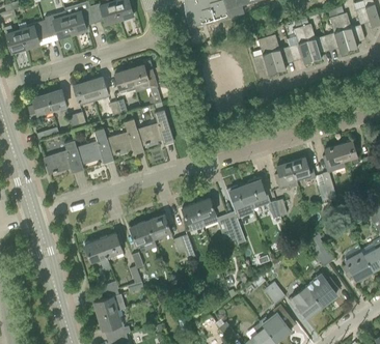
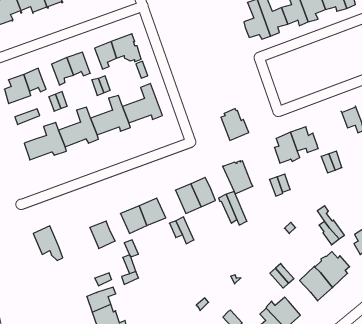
building: [323,145,346,173] -> none
building: [245,178,270,207] -> [221,109,249,140]
building: [85,239,111,271] -> [33,226,63,260]

